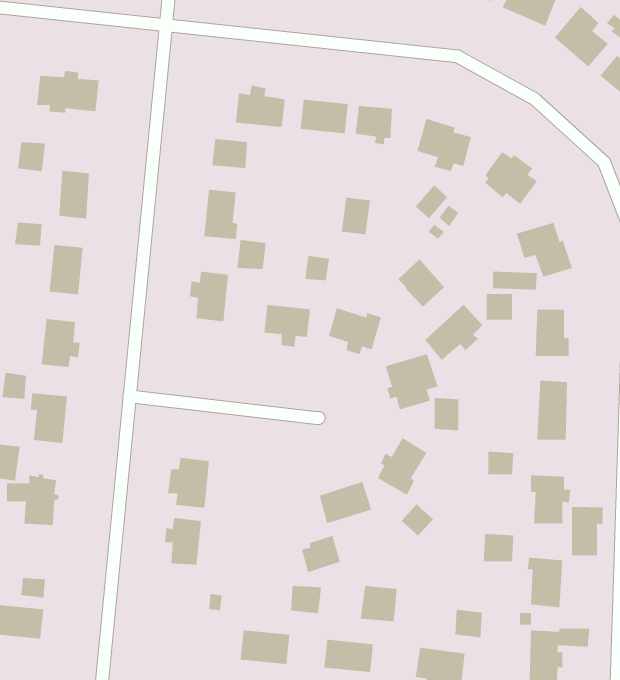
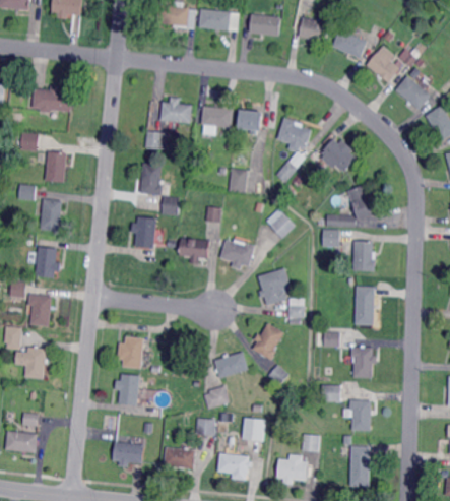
building: [425,304,483,361] -> none
building: [572,506,603,556] -> none
building: none -> [113,441,145,466]

